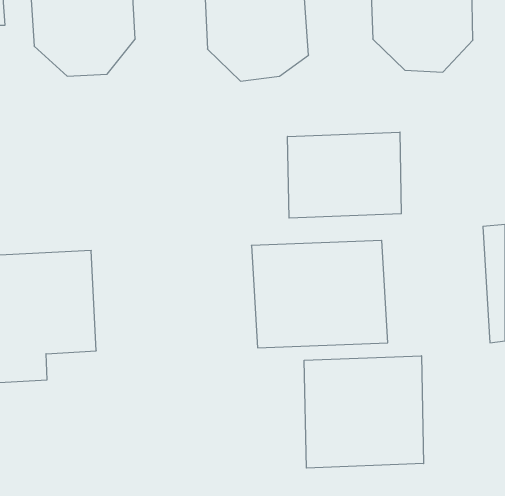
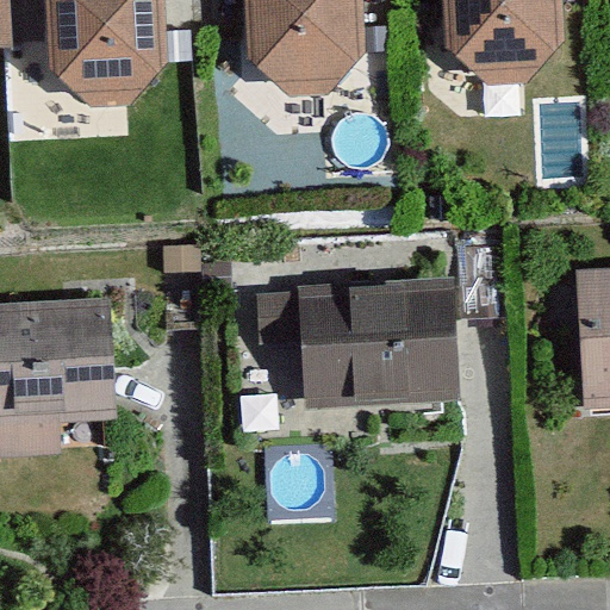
building: [288,132,401,218] -> none
building: [304,356,424,468] -> none

